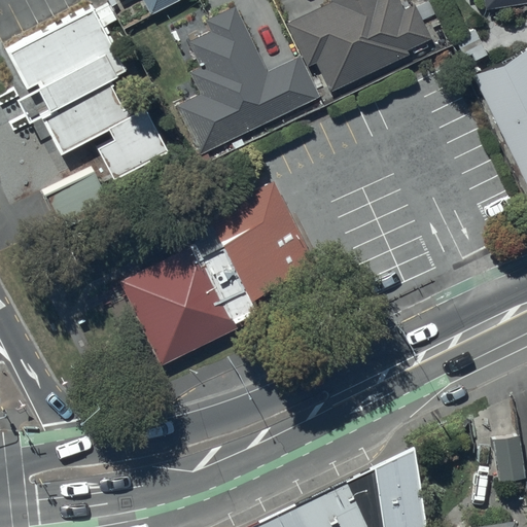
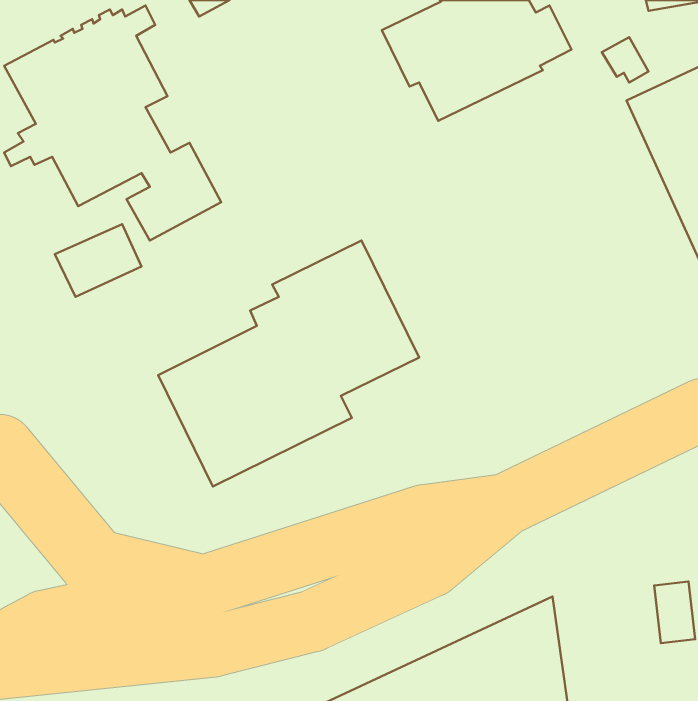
building: [178,8,321,167] -> none

